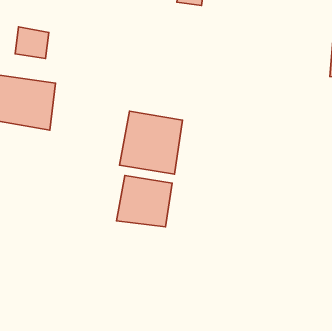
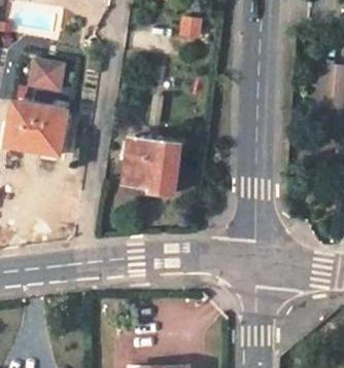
building: [117,175,172,227] -> none

